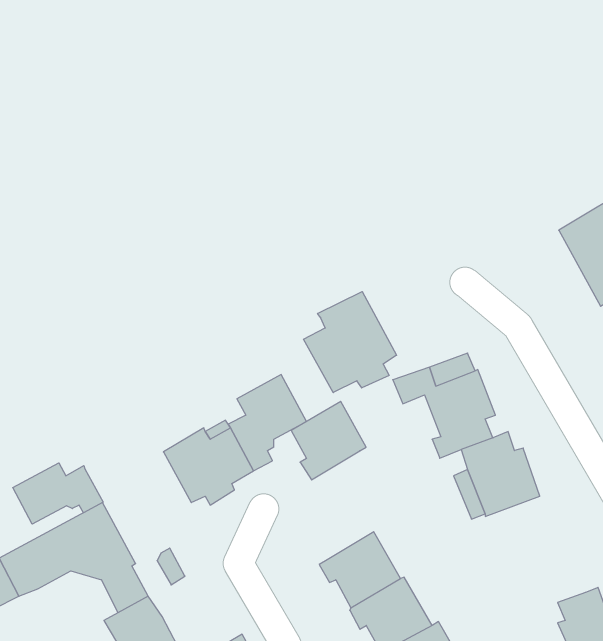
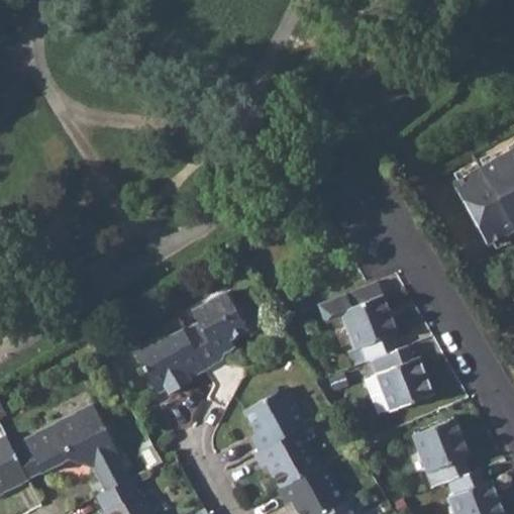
building: [304,292,397,393] -> none
building: [291,401,366,480] -> [247,386,307,448]
building: [13,463,103,524] -> none
building: none -> [415,420,471,485]

